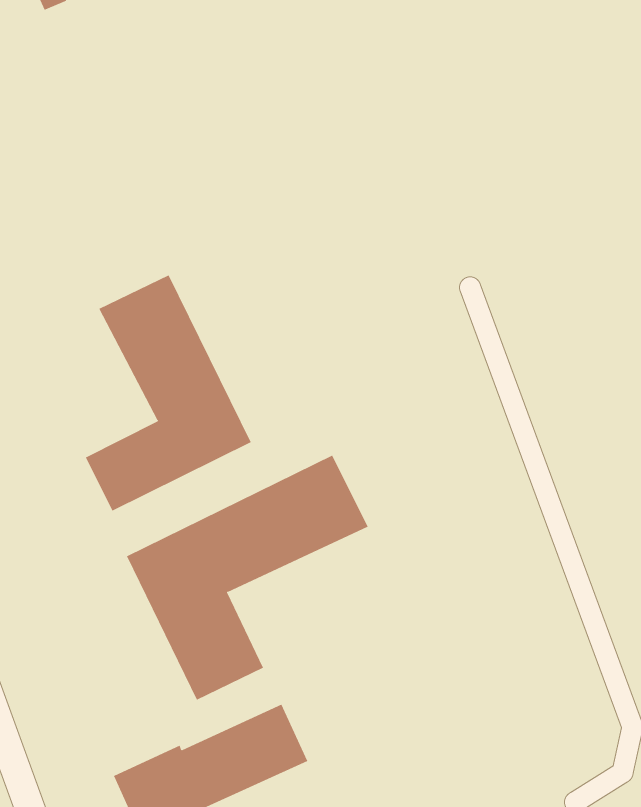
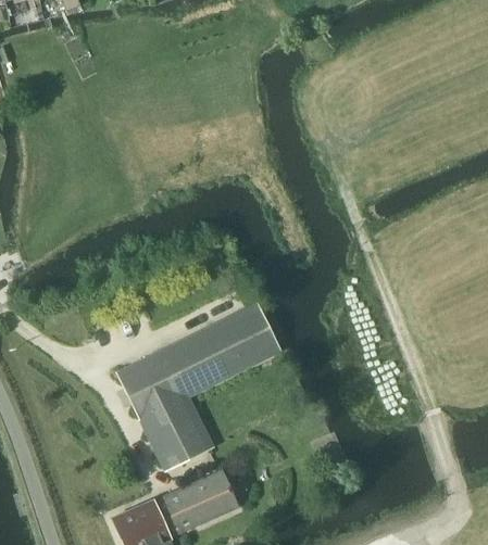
building: [85,274,252,512] -> none

